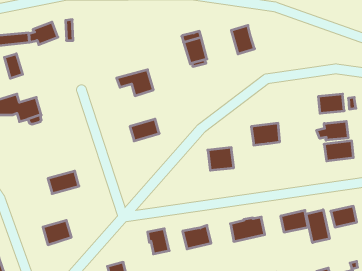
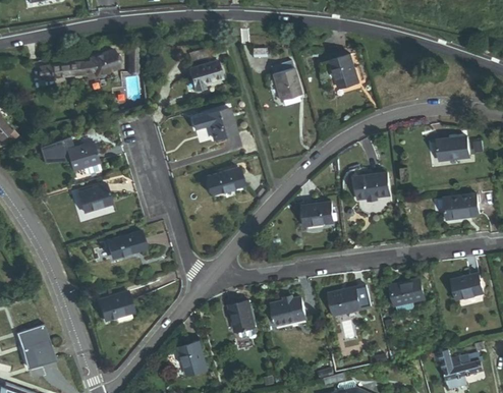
building: none -> [188,61,222,92]
building: [4,54,23,78] -> none
building: [317,121,348,140] -> none
building: none -> [77,185,110,213]
building: [306,210,329,243] -> none

